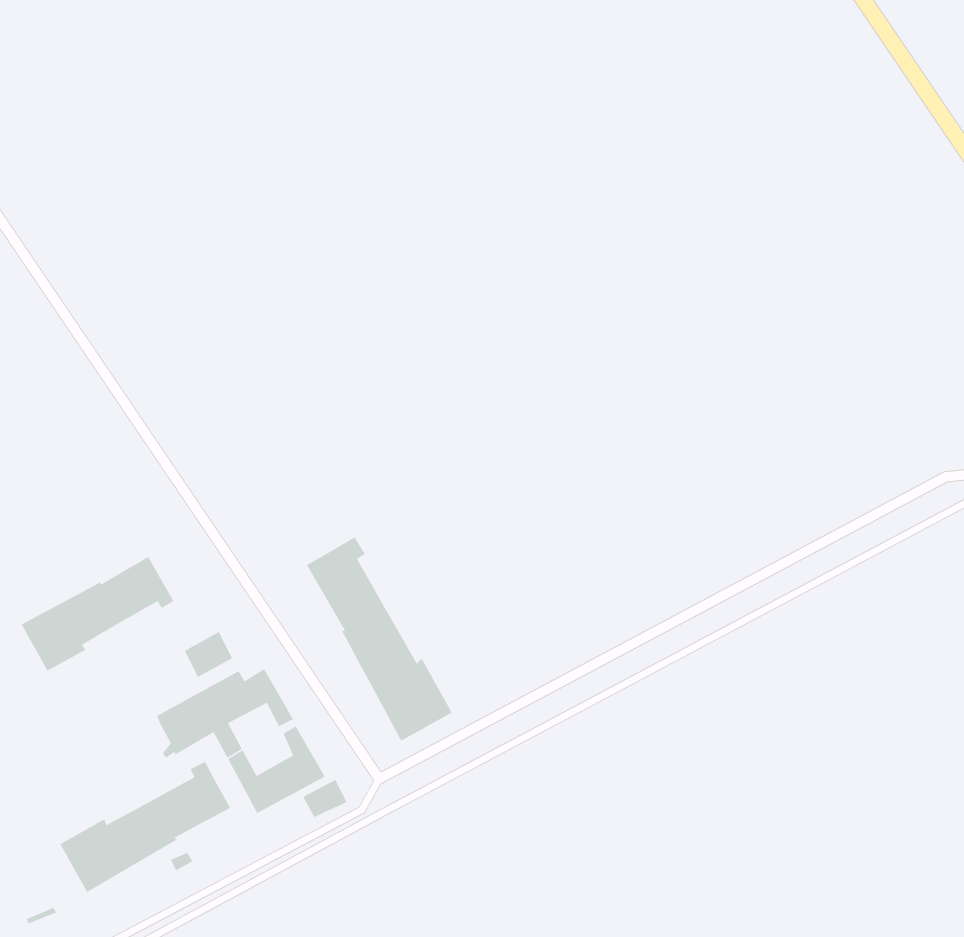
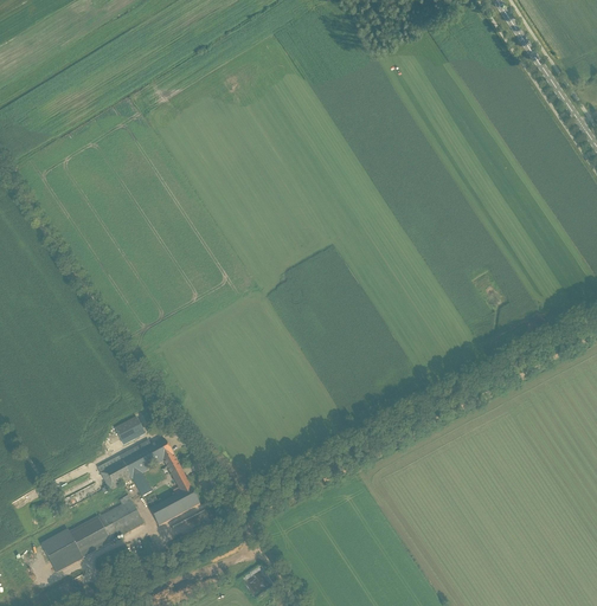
building: [306,536,453,742] -> none
building: [20,556,175,672] -> none

